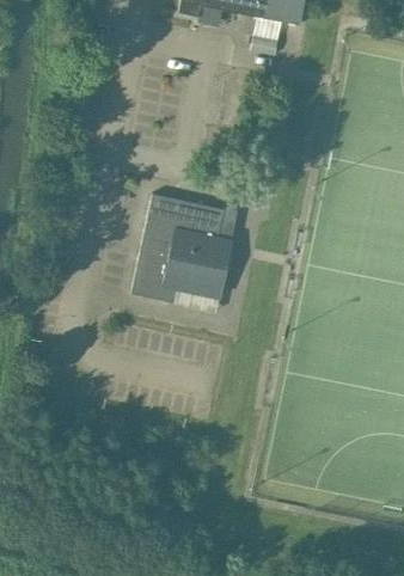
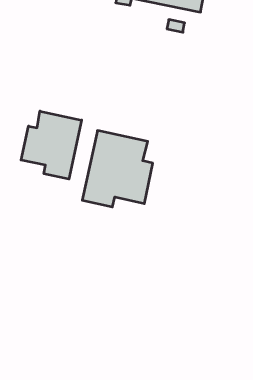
building: none -> [21,111,82,179]

